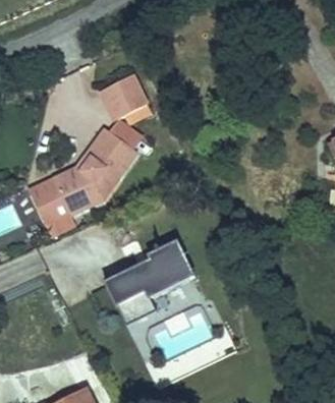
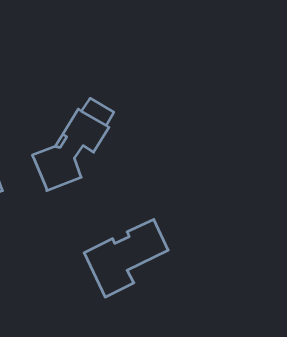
building: [98,74,144,118] -> none
building: [31,182,65,222] -> none

